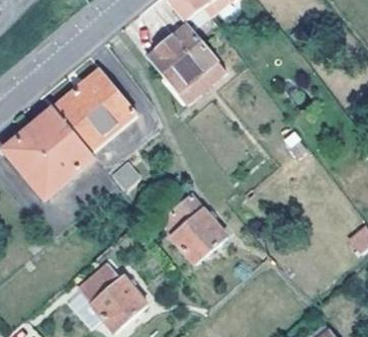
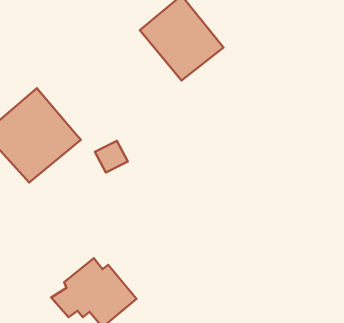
building: [54,70,133,150] -> none
building: [165,195,225,261] -> none

